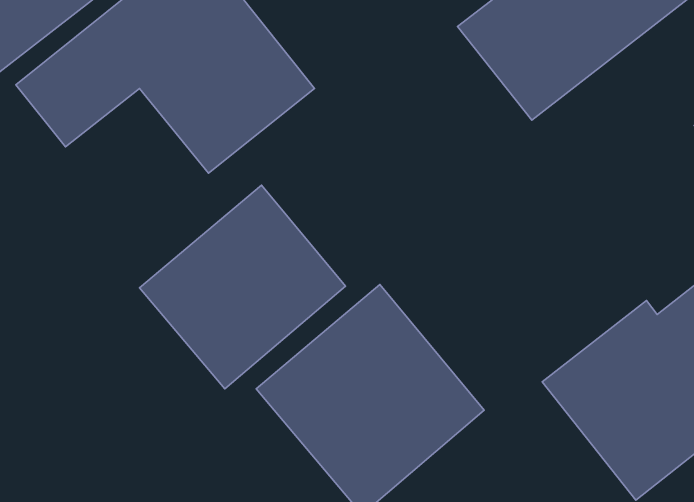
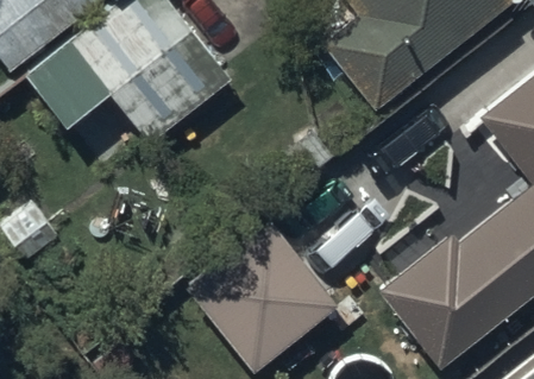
building: [140,185,345,389] -> none

